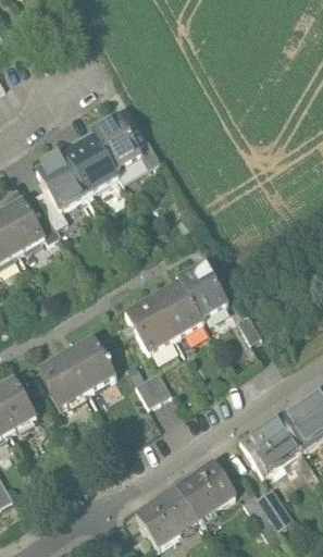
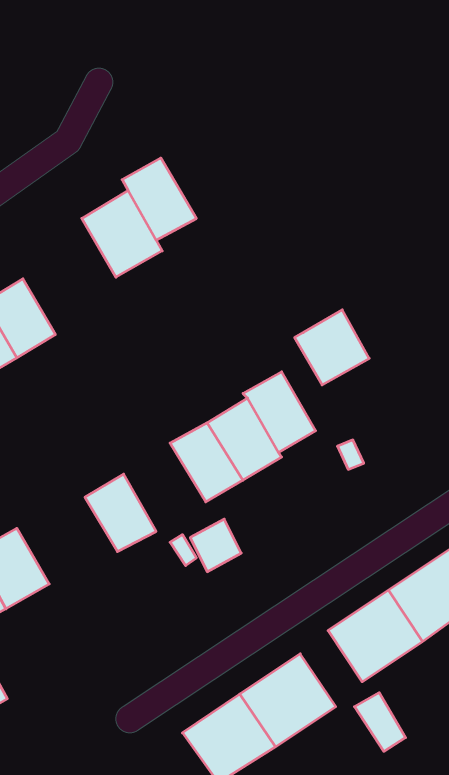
building: [36,153,86,210] -> none
building: none -> [295,310,369,385]
building: [38,349,87,404] -> none

